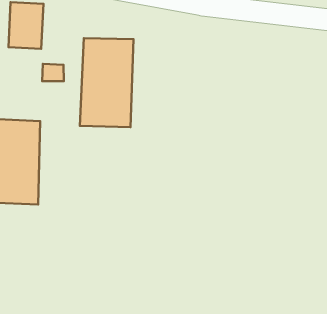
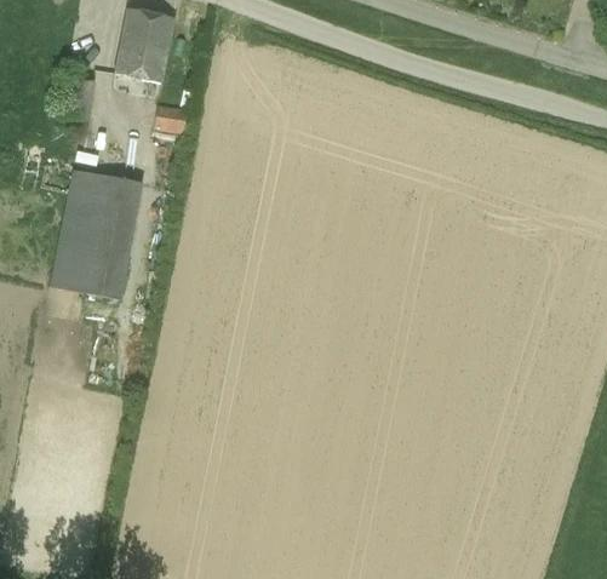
building: [80,38,134,127] -> none

